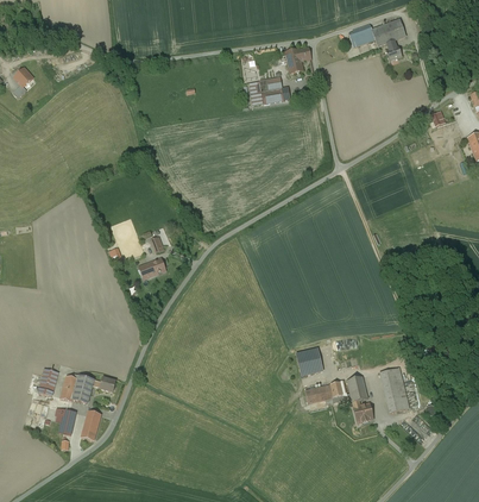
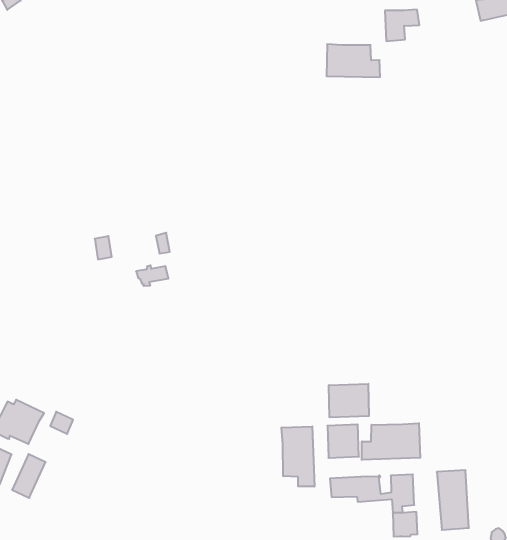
building: none -> [329,384,369,417]
building: none -> [362,423,420,460]
building: none -> [282,426,314,487]

